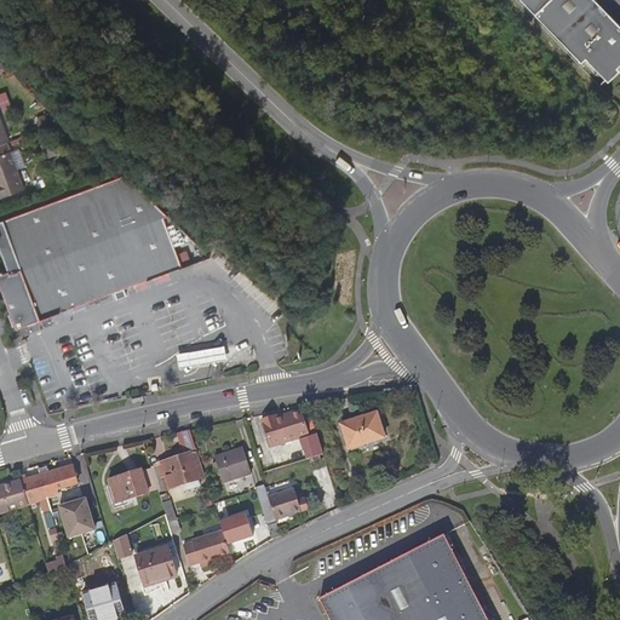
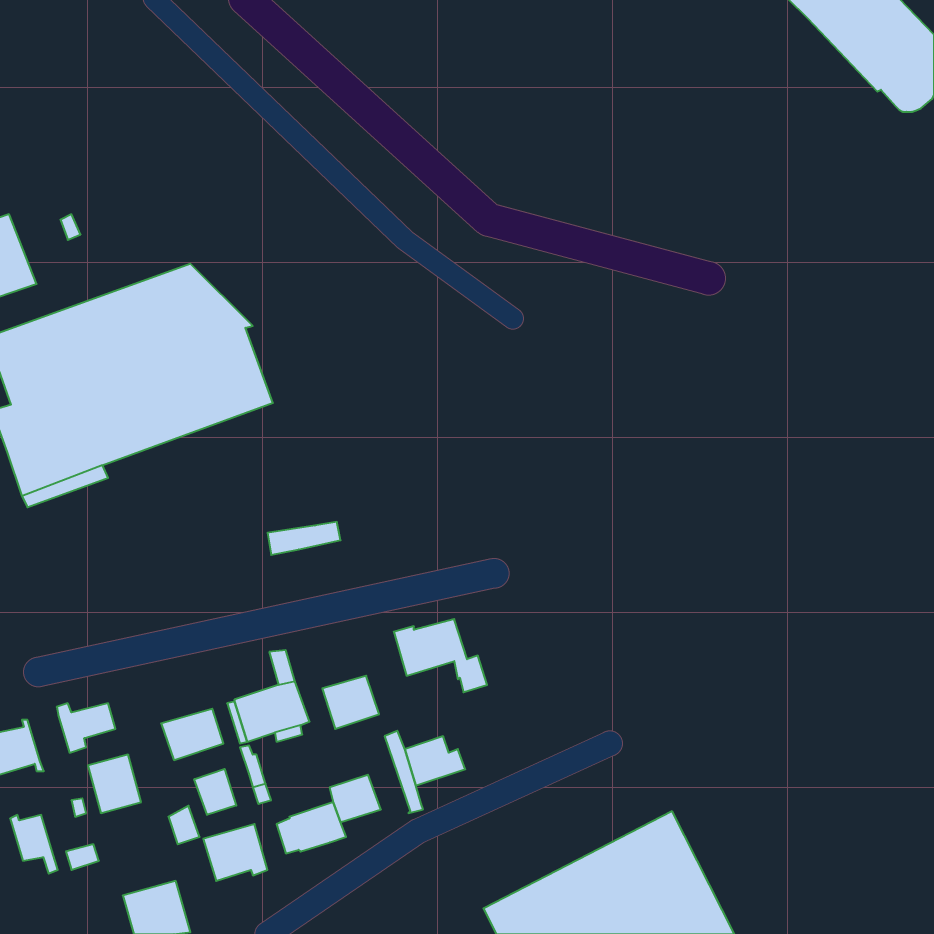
building: [339,412,383,448] -> none
building: [18,473,50,512] -> [10,815,58,874]
building: none -> [194,769,236,815]

